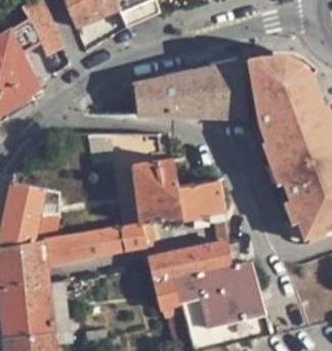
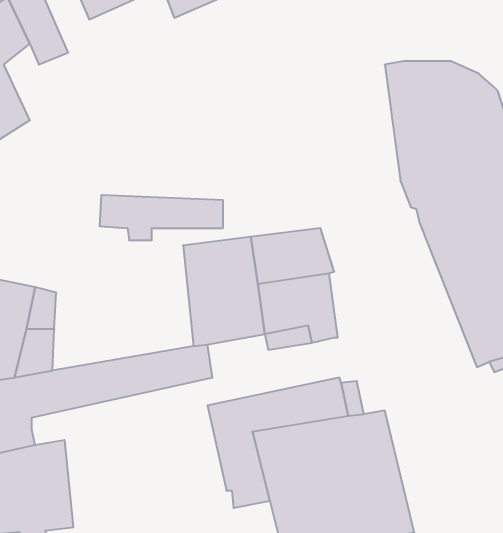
building: [138,60,247,121] -> none

